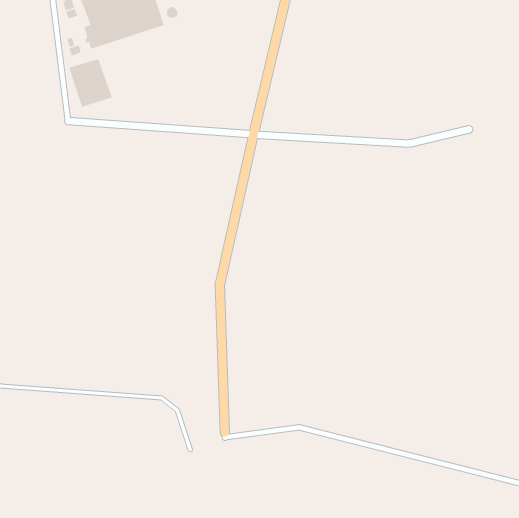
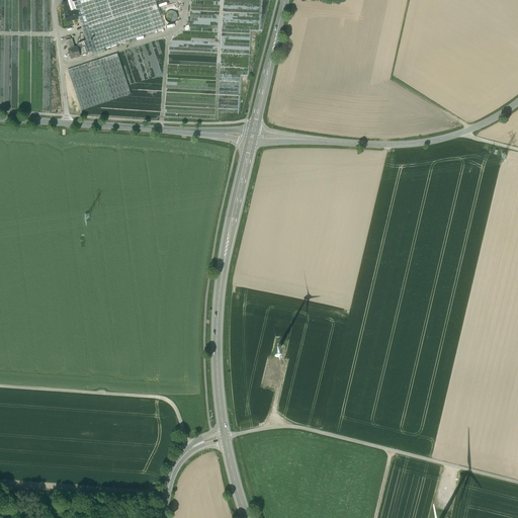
building: none -> [99,52,132,97]

